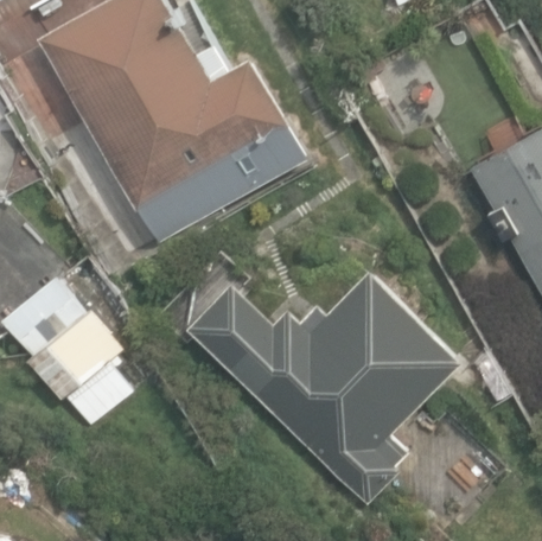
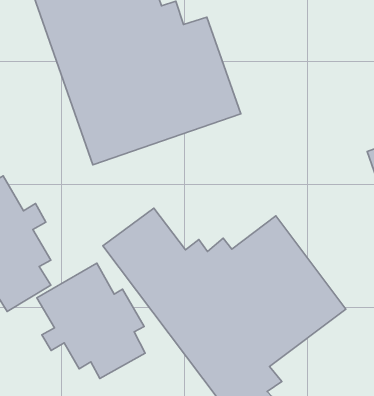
building: none -> [37,263,145,378]

